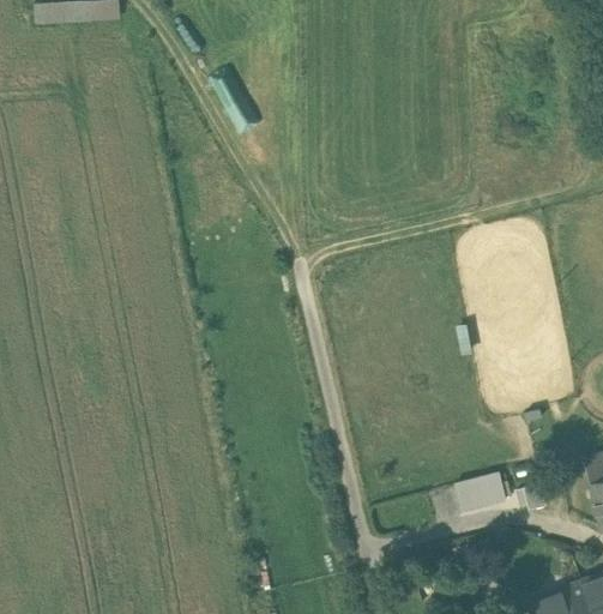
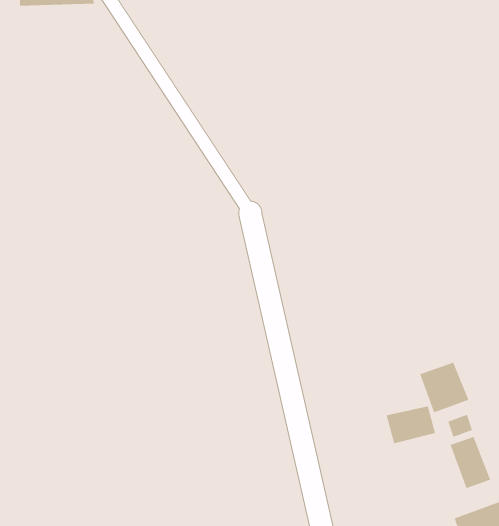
building: none -> [420,362,469,413]
building: none -> [450,436,491,489]

